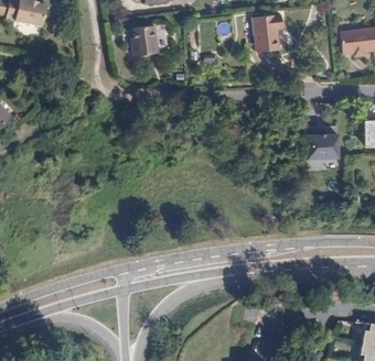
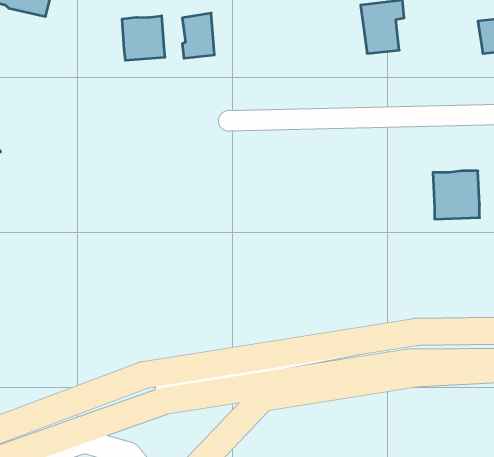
building: none -> [122,16,165,60]

